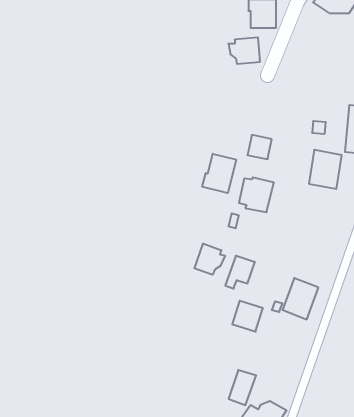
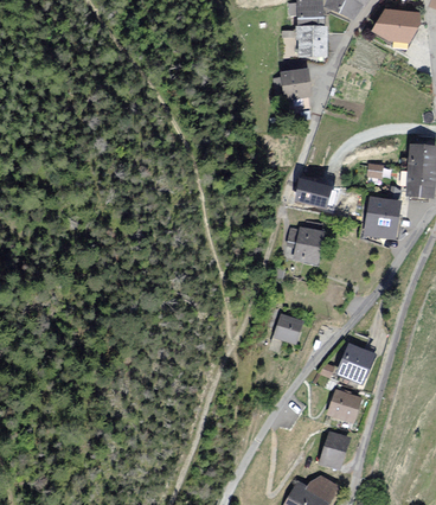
building: [202,154,236,193] -> none
building: [194,244,225,275] -> none
building: [232,301,263,332] -> [327,389,361,423]
building: [229,370,256,405] -> [319,432,350,471]

